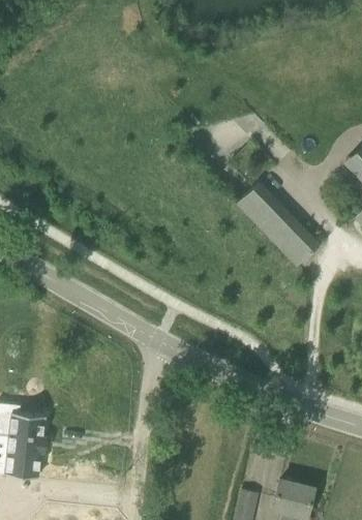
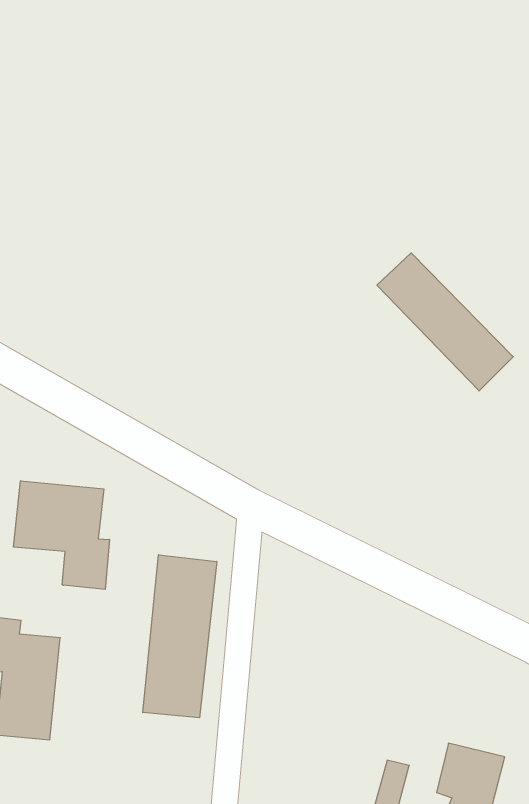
building: none -> [14,481,109,589]
building: none -> [143,555,217,718]

